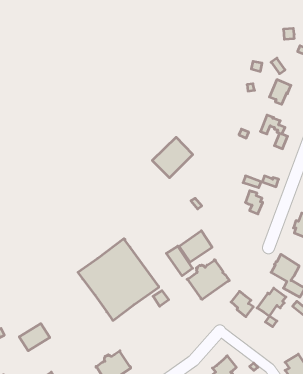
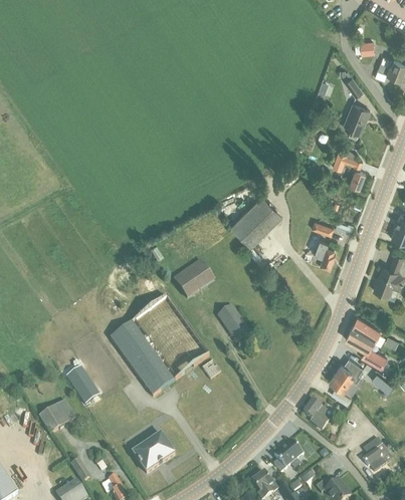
building: [152,137,193,178] -> [232,195,281,244]
building: [179,231,212,262] -> [174,259,214,297]
building: [187,260,229,299] -> none
building: [231,291,253,317] -> [303,399,331,430]
building: none -> [66,366,100,404]

